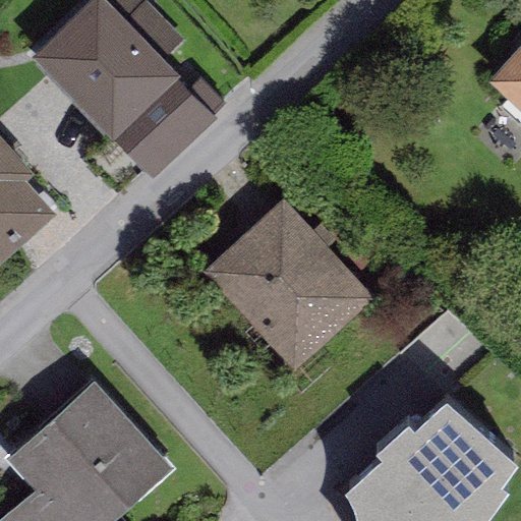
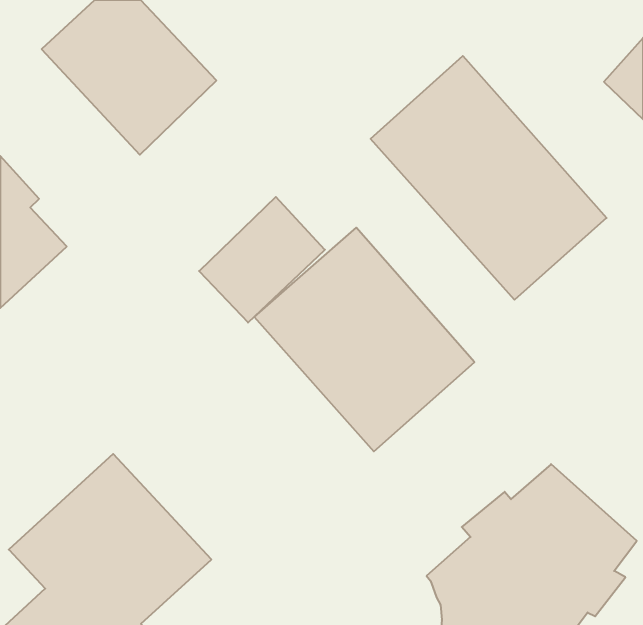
building: none -> [371,56,607,300]
building: [113,79,215,181] -> [199,197,325,323]

